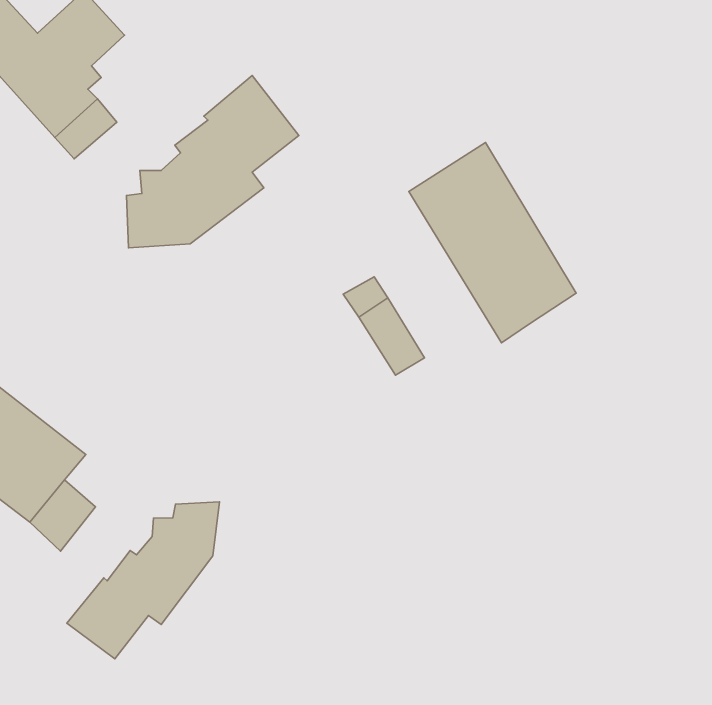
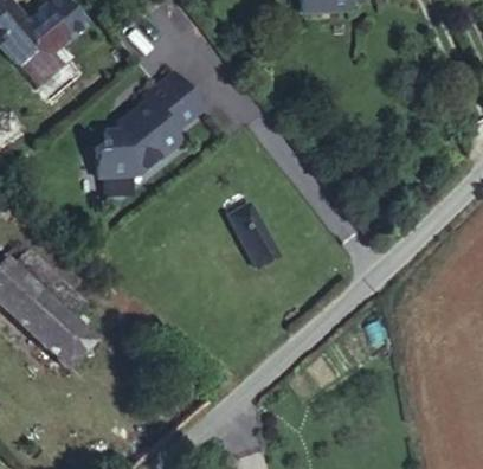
building: [409,142,576,343] -> none
building: [67,502,220,659] -> none

